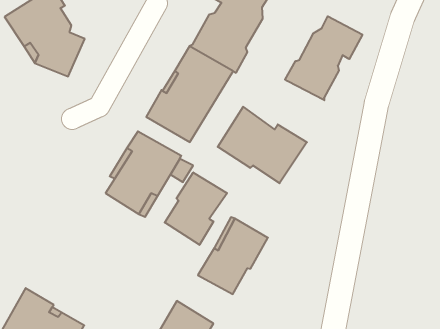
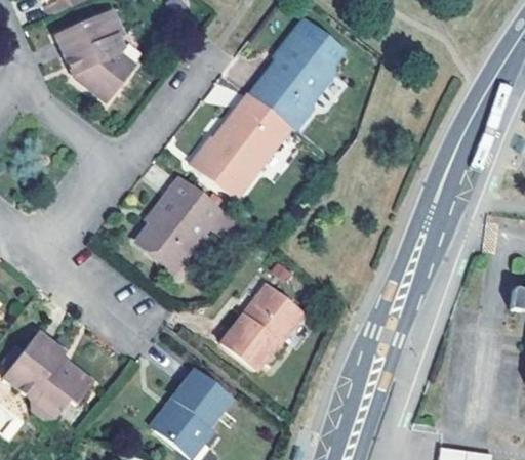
building: [285,16,362,100] -> none
building: [218,107,307,183] -> none
building: [165,172,227,245] -> none

